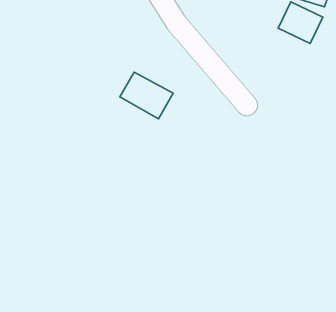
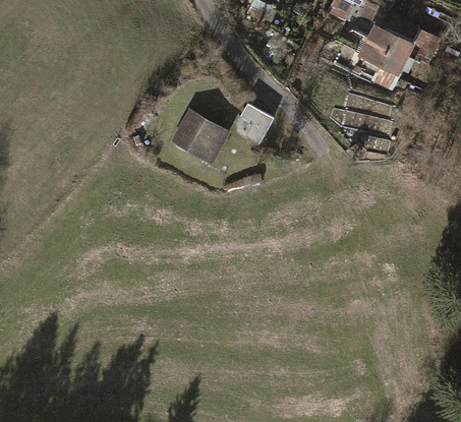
building: none -> [237,98,275,137]

